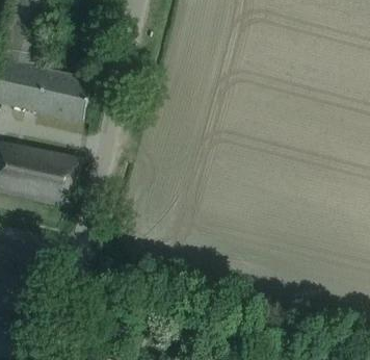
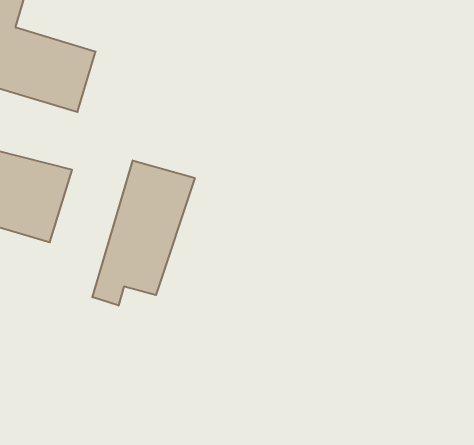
building: none -> [92,160,195,306]

